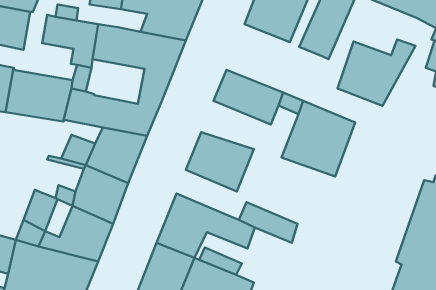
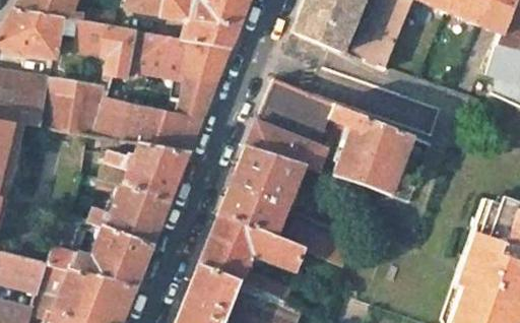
building: [337,39,416,106] -> none
building: none -> [246,121,327,170]
building: none -> [219,188,284,237]

